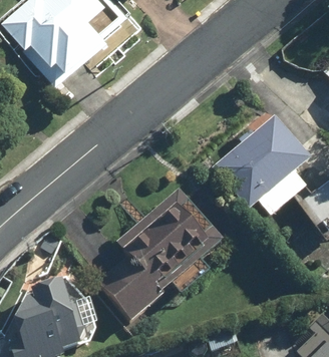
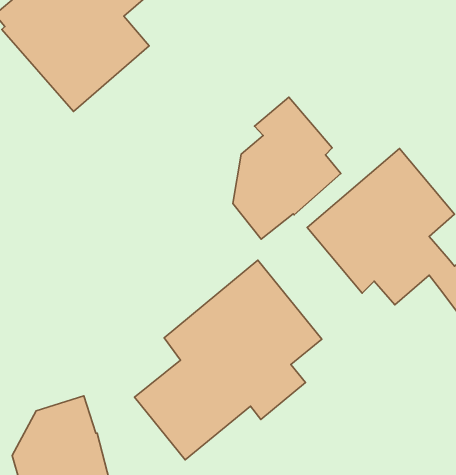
building: none -> [233,97,341,239]

